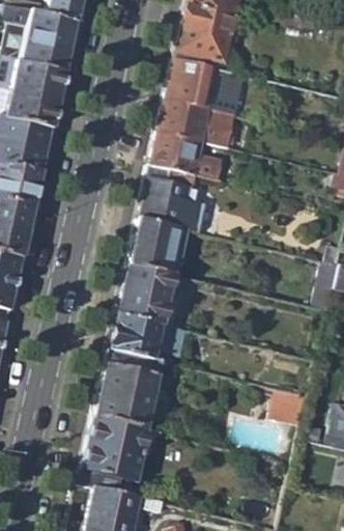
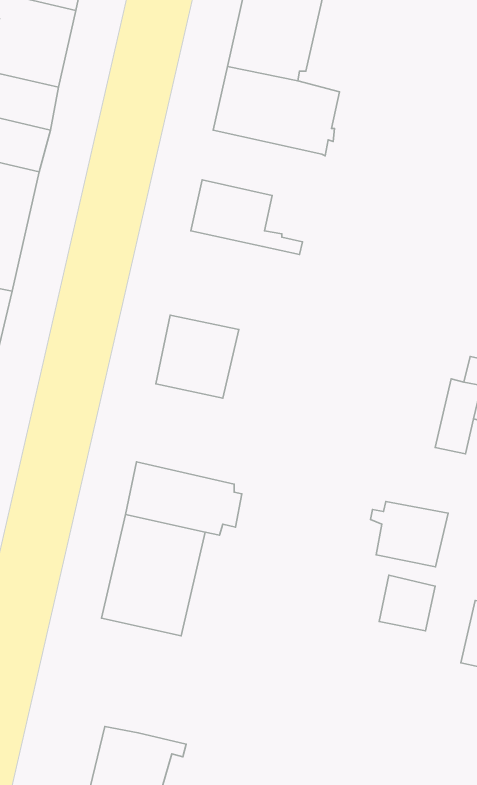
building: [160,99,237,146] -> none
building: [139,164,200,231] -> none
building: [117,263,191,330] -> none
building: none -> [370,502,448,567]
building: [79,416,162,491] -> none

